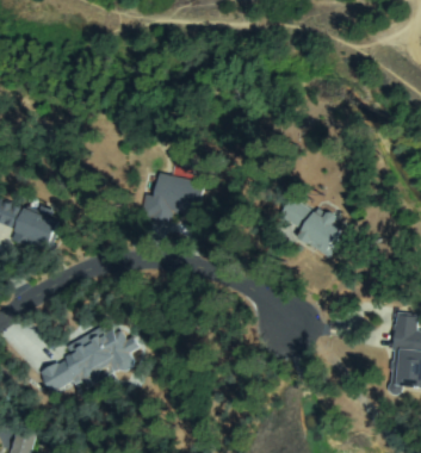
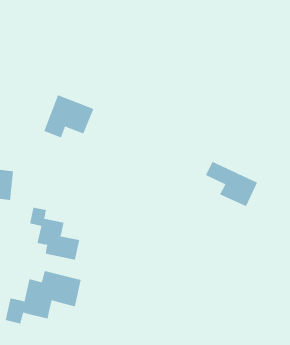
building: [144,169,204,221] -> [43,95,94,138]
building: none -> [29,207,80,260]

